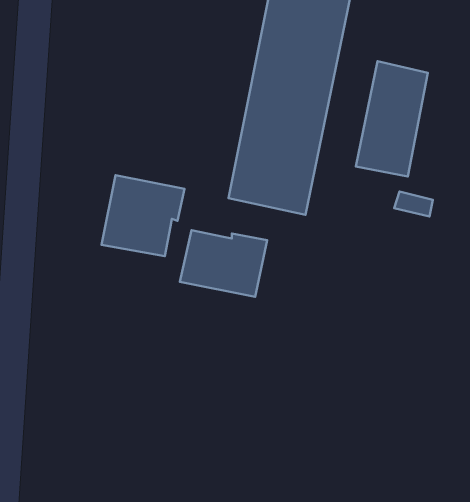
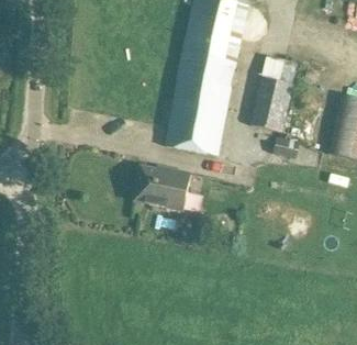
building: [101,175,185,256] -> none

